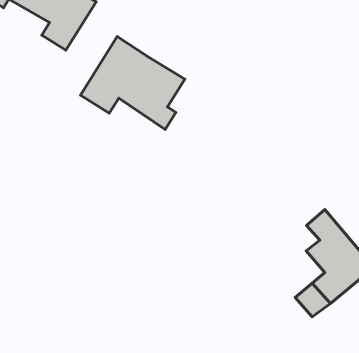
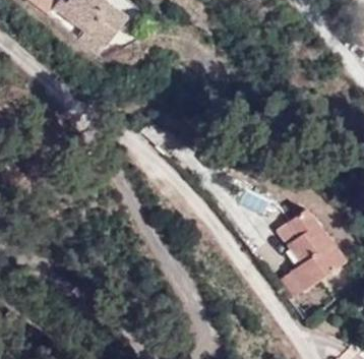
building: [80,37,185,129] -> none

